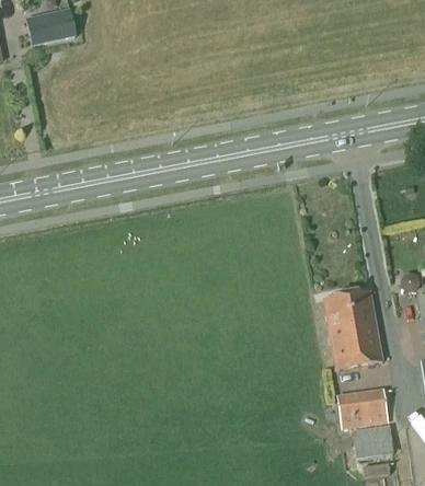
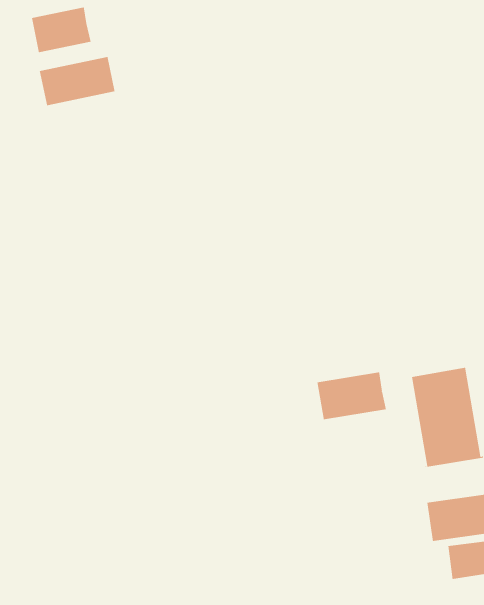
building: none -> [39,56,115,106]
building: none -> [317,371,386,420]

